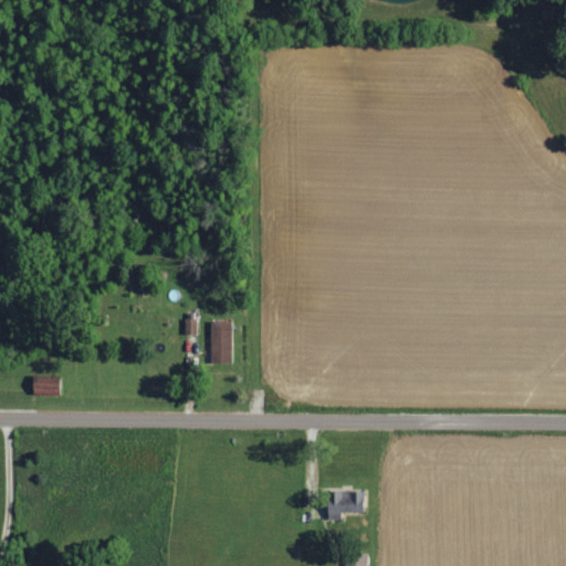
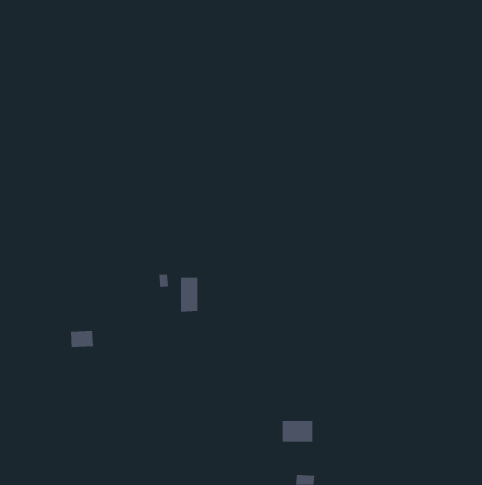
building: [33,376,61,396] -> [70,330,94,348]

